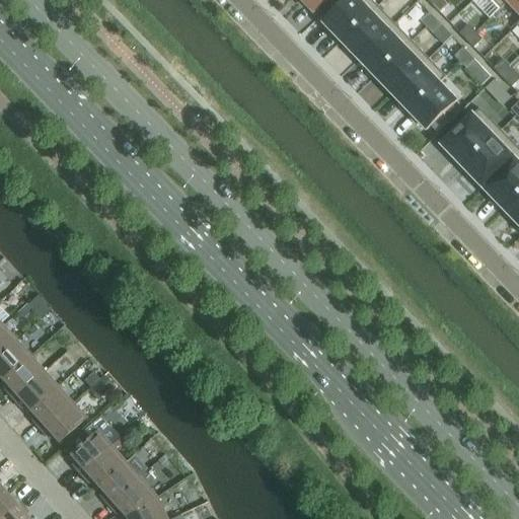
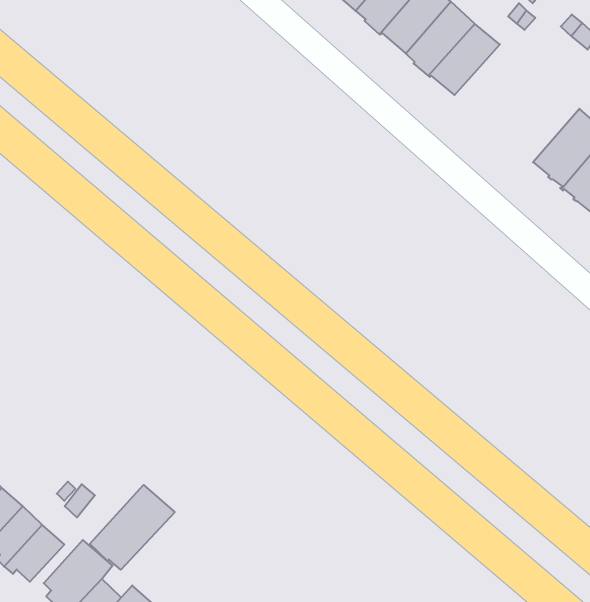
building: [410,76,457,129] -> none
building: [442,107,502,166] -> none
building: none -> [90,485,175,570]

